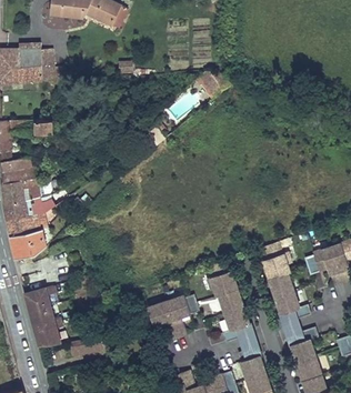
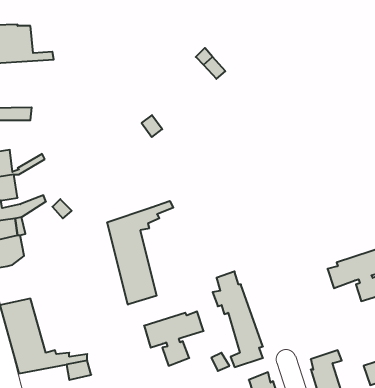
building: none -> [107,201,173,305]
building: [261,243,309,323] -> none

